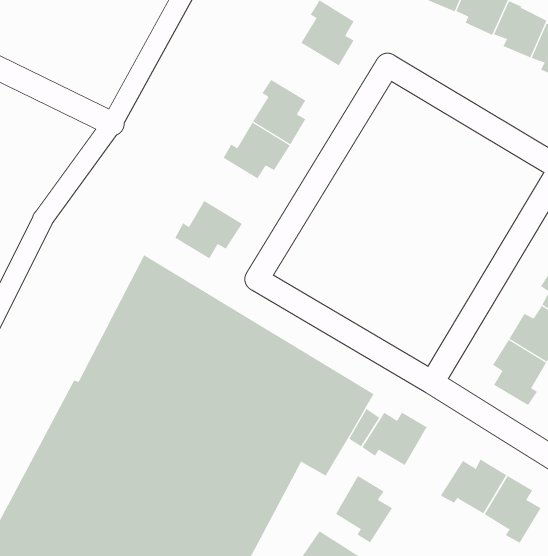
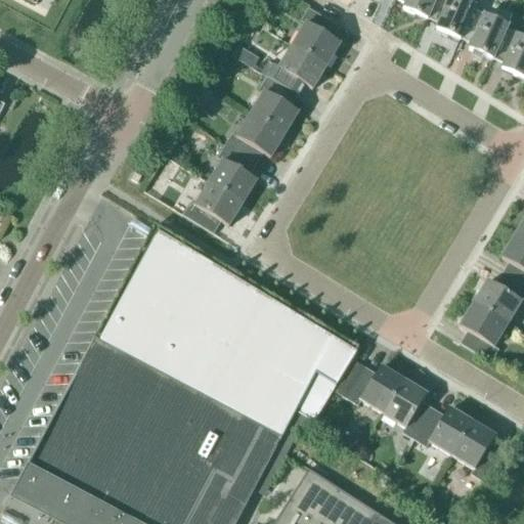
building: none -> [267,45,326,95]
building: none -> [209,145,257,203]
building: [335,475,393,543] -> [384,380,434,439]

